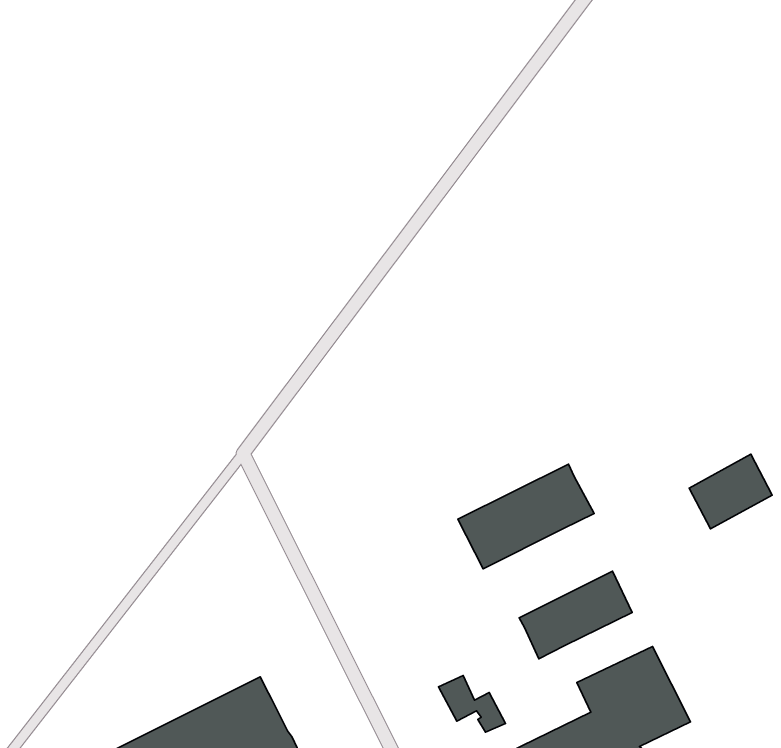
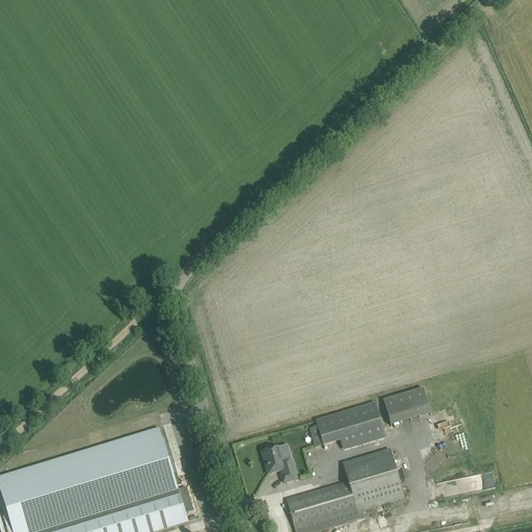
building: [689,454,772,529] -> [380,385,428,425]
building: [458,464,594,569] -> none

